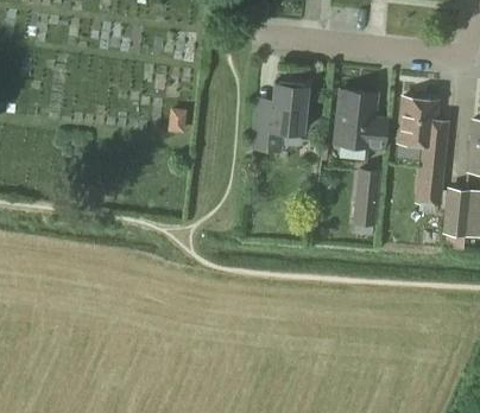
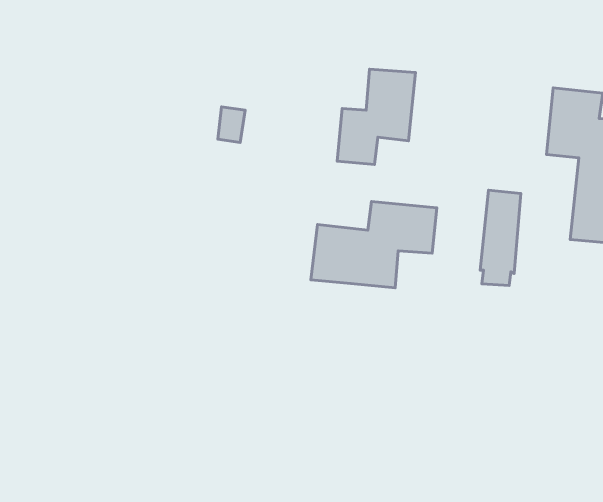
building: [336,89,390,148] -> none
building: none -> [311,202,437,288]

